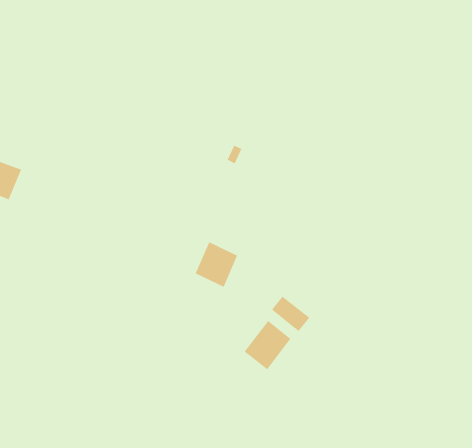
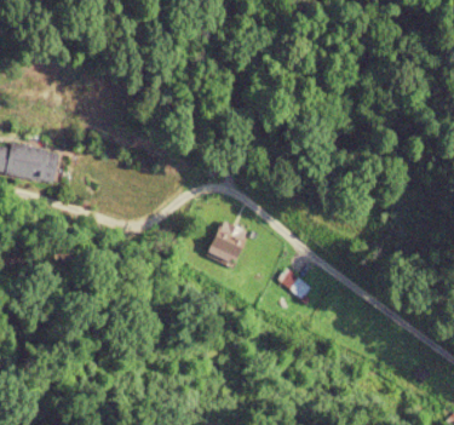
building: [244,320,291,370] -> none

